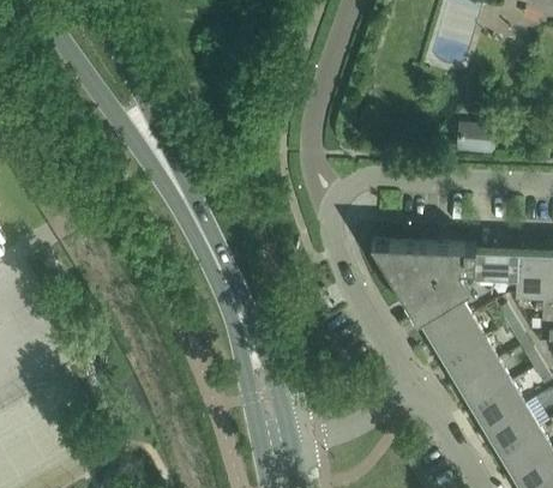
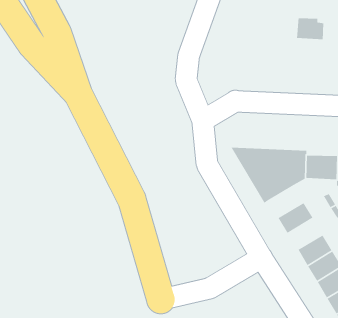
building: [453,125,492,156] -> [296,17,324,40]
building: [422,295,471,339] -> none
building: [449,339,498,382] -> none

